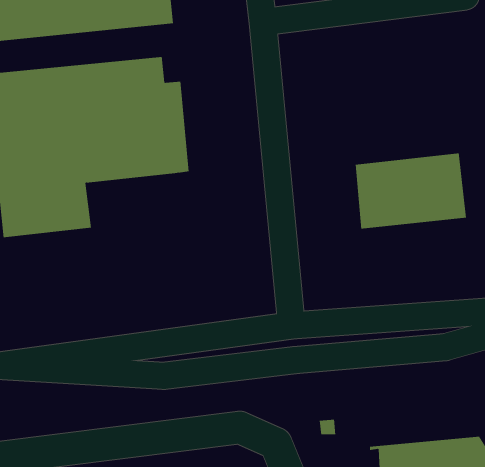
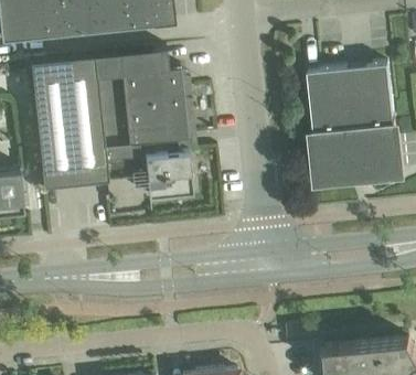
building: none -> [308,64,394,131]
building: none -> [107,138,193,199]

